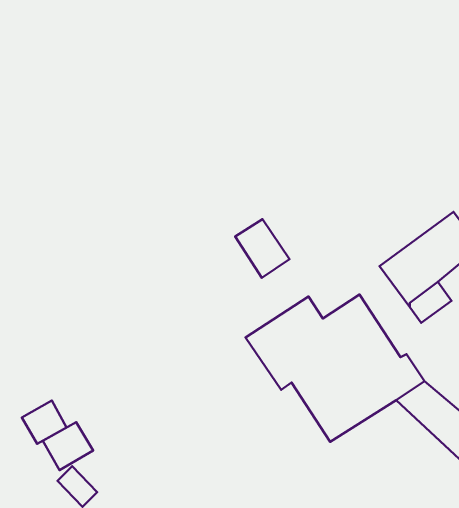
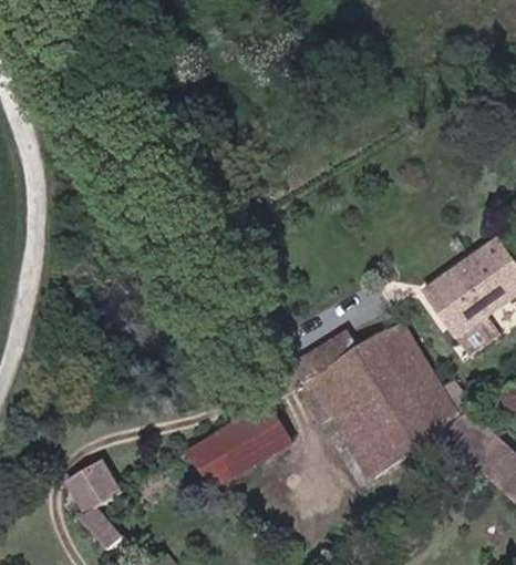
building: [235,219,290,278] -> none
building: none -> [187,403,290,491]
building: [22,400,67,444] -> none

